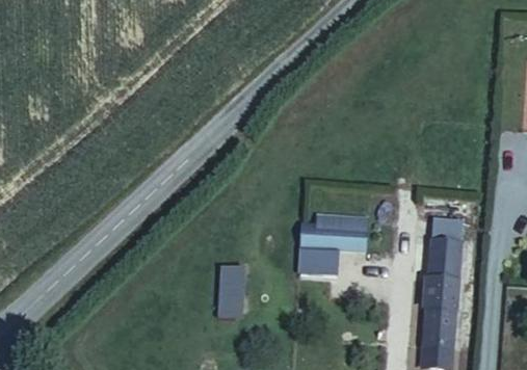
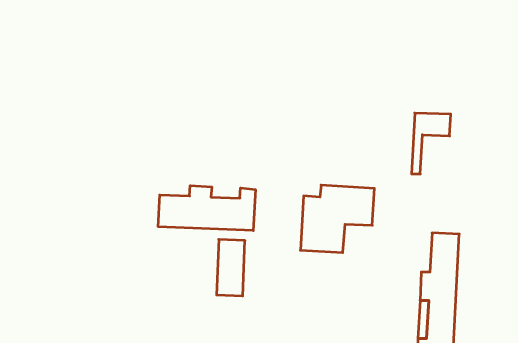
building: none -> [158,186,255,231]
building: [422,236,459,294] -> [412,113,451,174]

